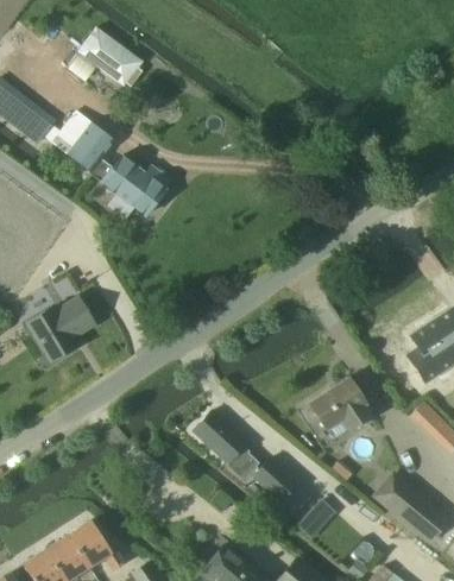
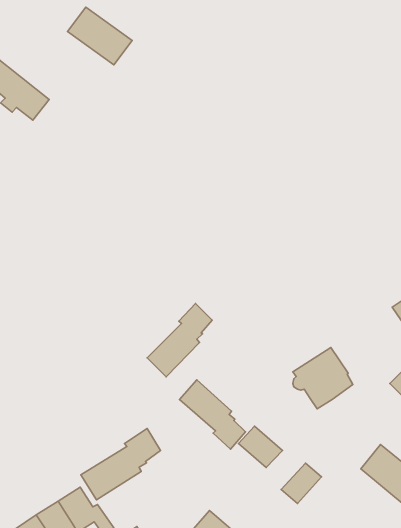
building: [52,113,171,217] -> none
building: [26,299,95,364] -> none
building: none -> [147,303,212,377]
building: none -> [81,429,161,500]

